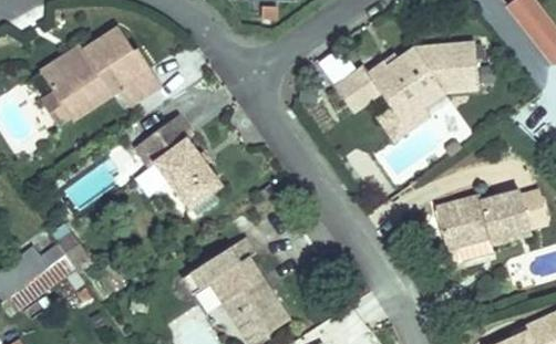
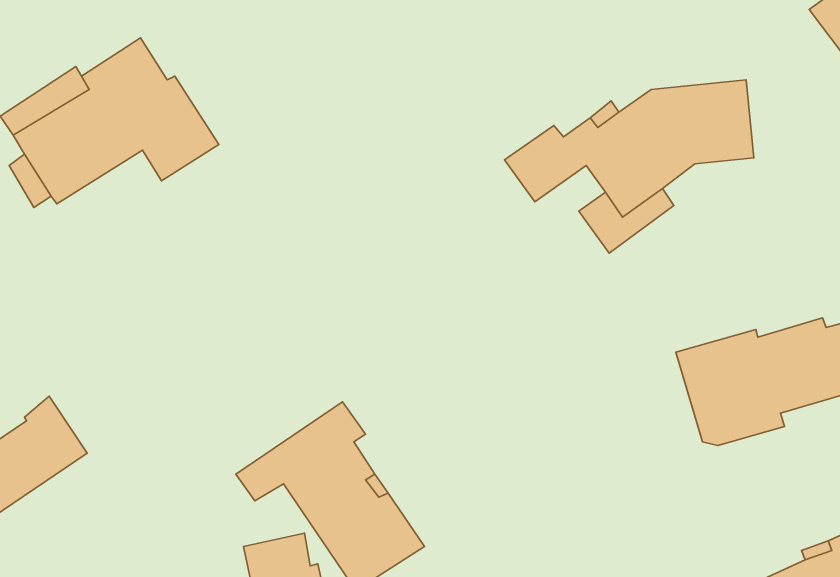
building: [131,113,222,211] -> none

